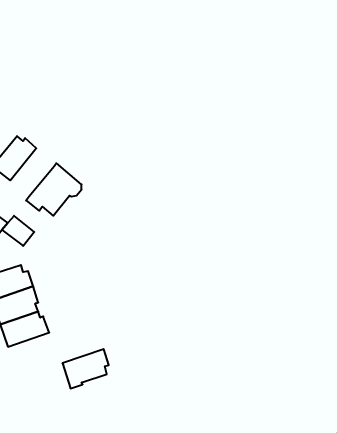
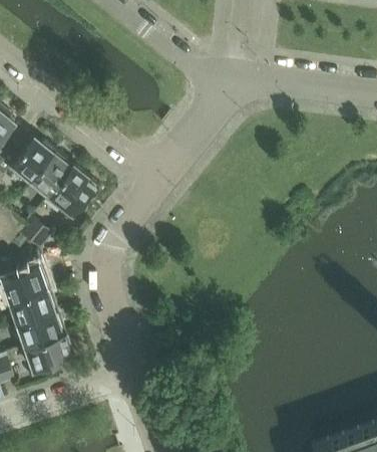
building: none -> [27,150,71,198]
building: [62,349,109,388] -> [25,333,71,373]

